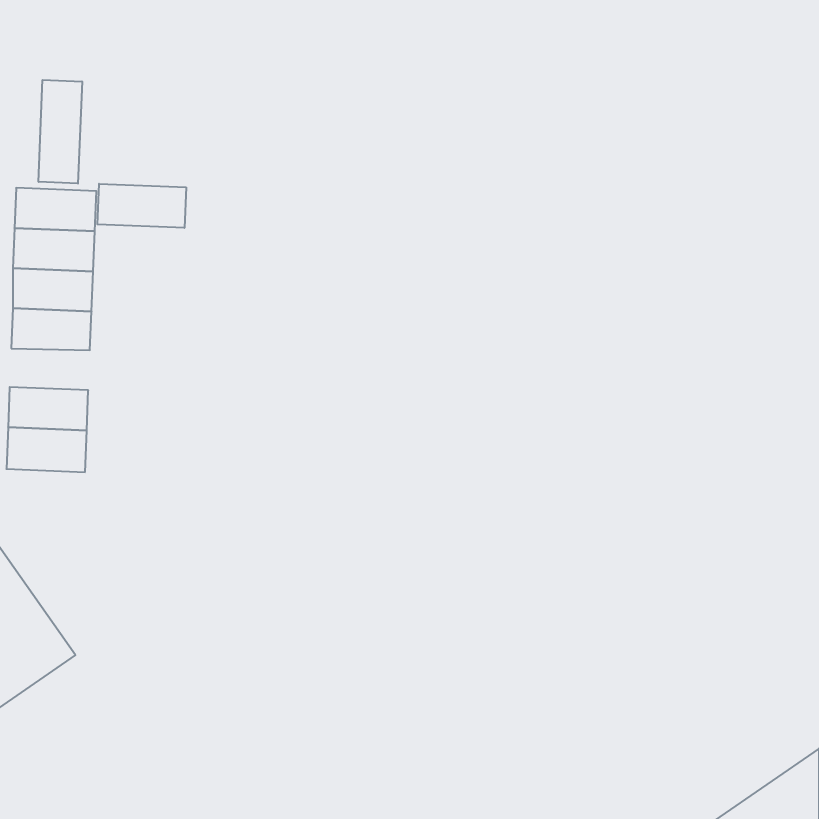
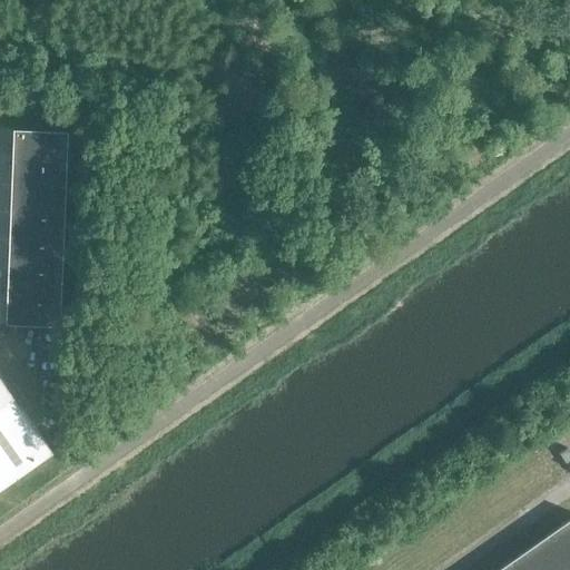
building: [39,80,82,184] -> none
building: [97,184,186,228] -> none
building: none -> [7,243,62,272]

